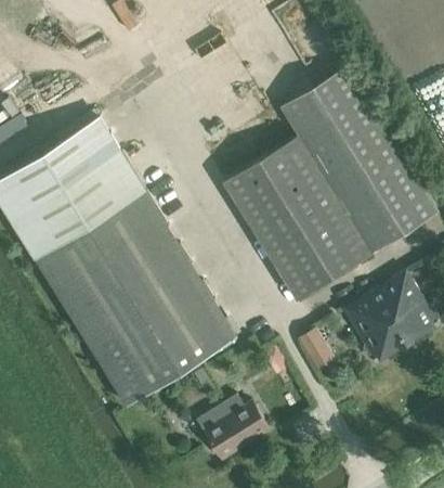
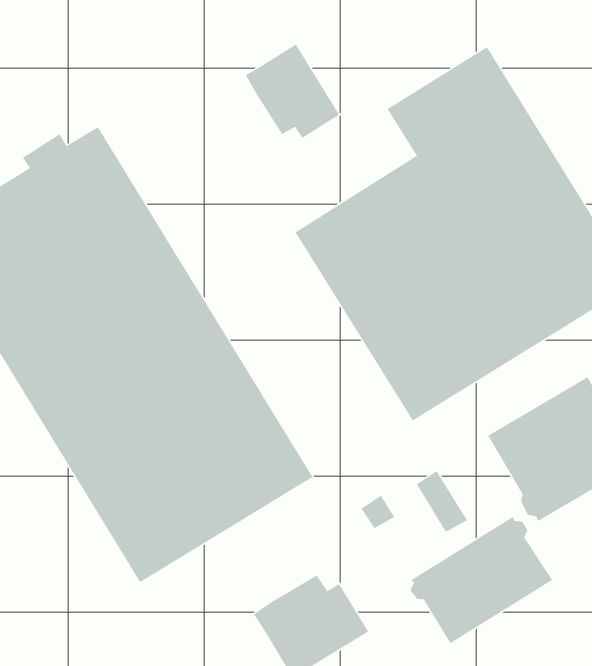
building: none -> [245,43,340,139]
building: none -> [410,516,553,644]

